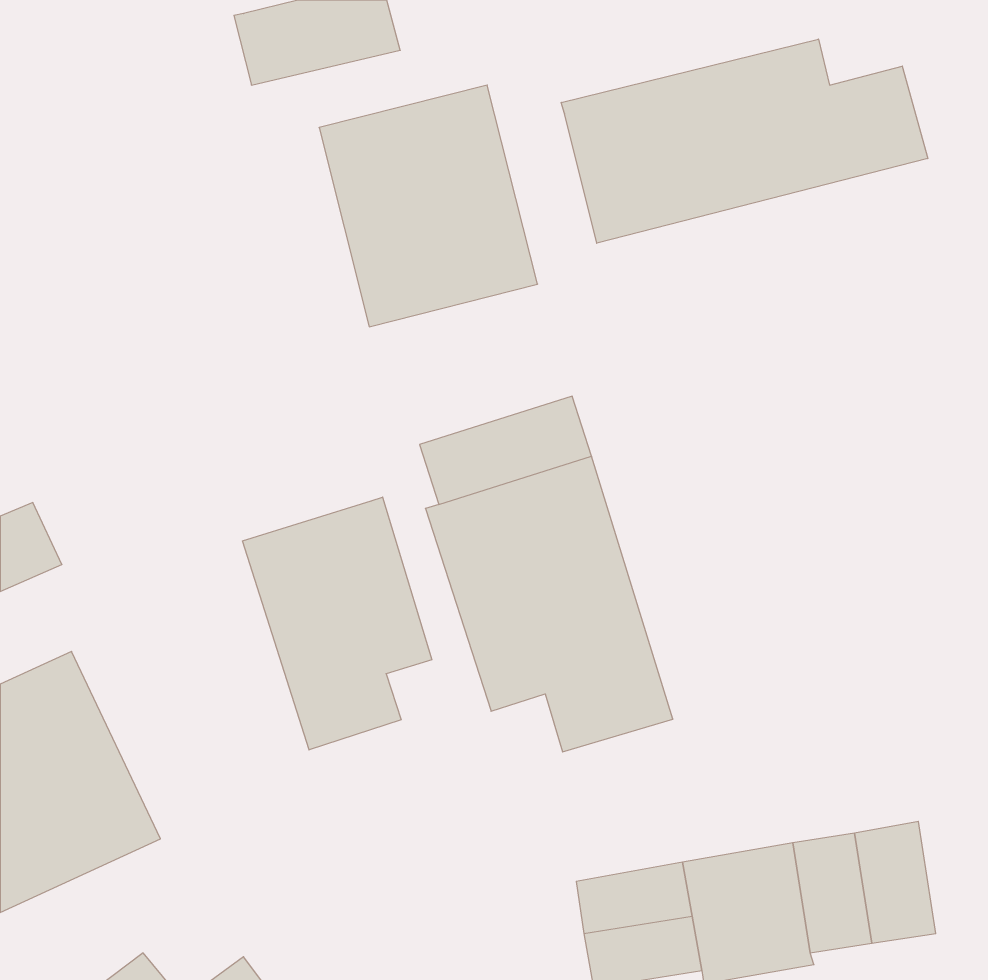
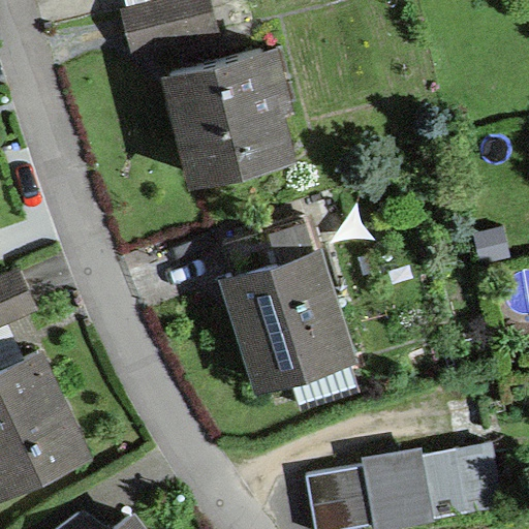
building: [561,39,928,243] -> none
building: [242,497,432,750] -> none

